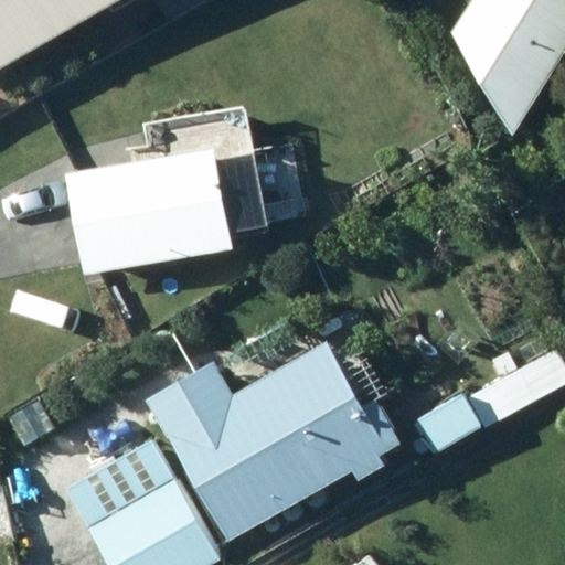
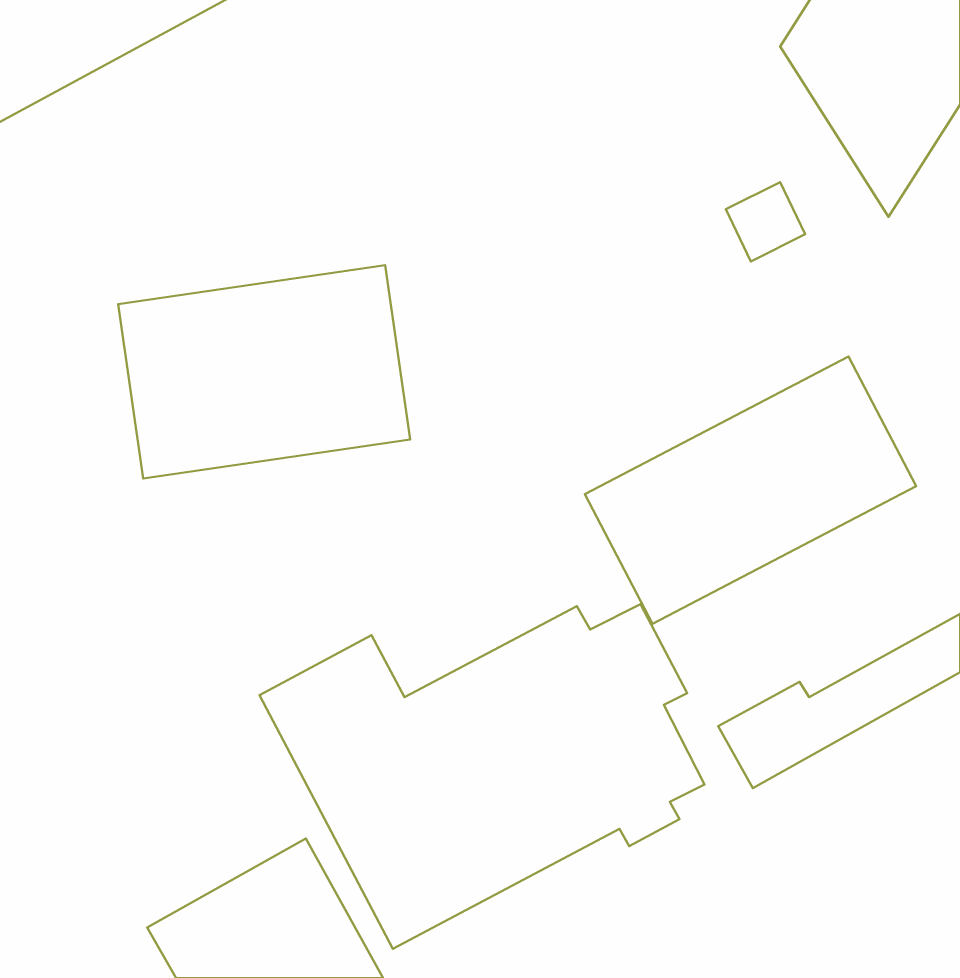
building: none -> [585,357,916,624]

